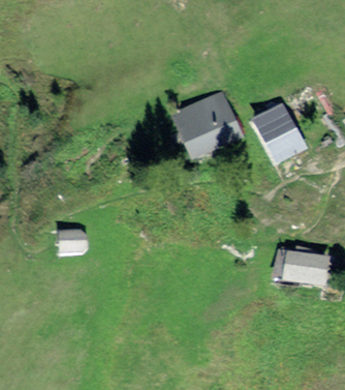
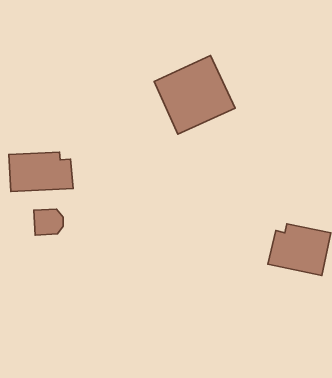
building: [251,102,308,166] -> none
building: none -> [9,152,73,191]

